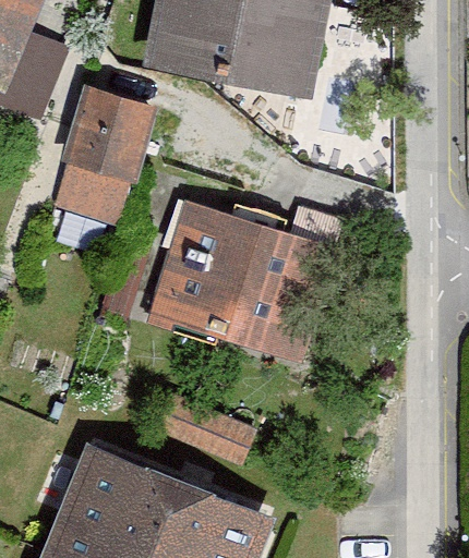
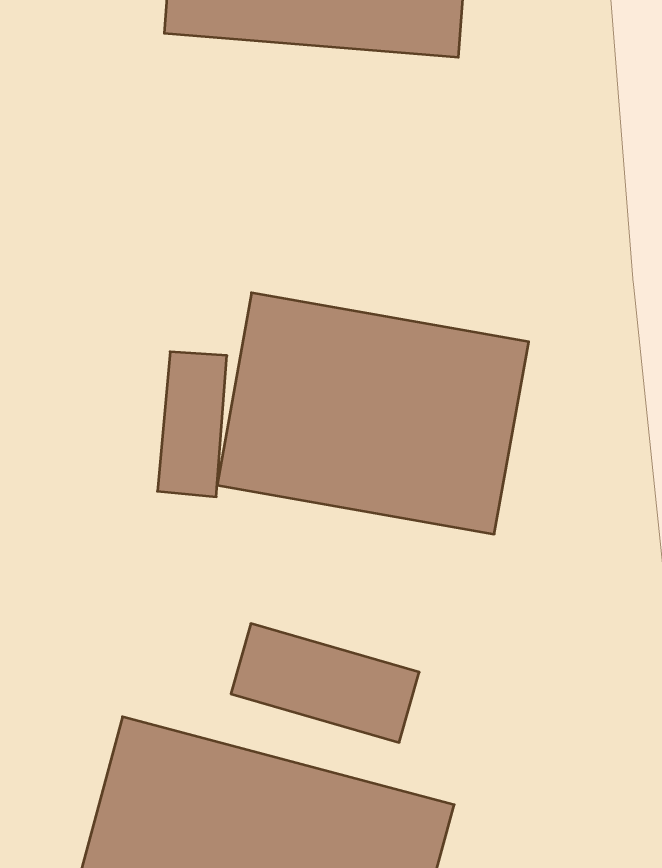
building: [55,82,159,225] -> none

